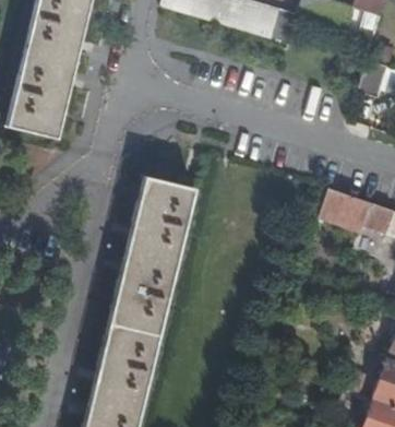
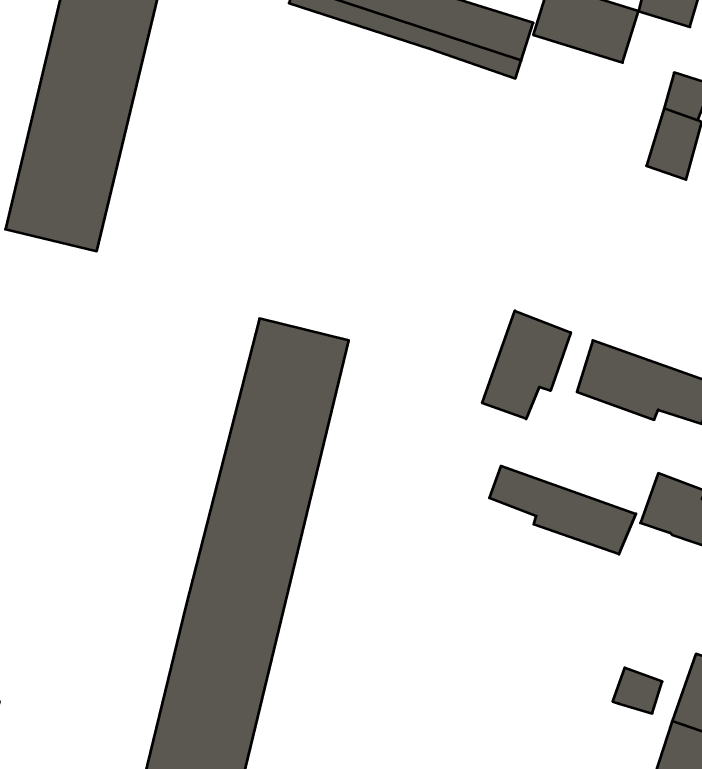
building: none -> [482,311,571,419]
building: none -> [489,466,636,554]

